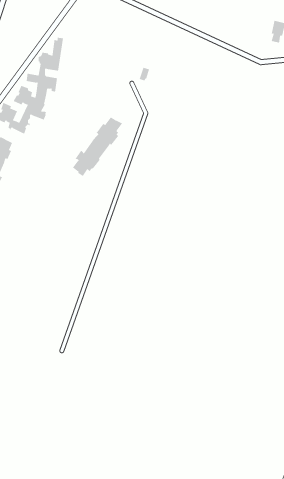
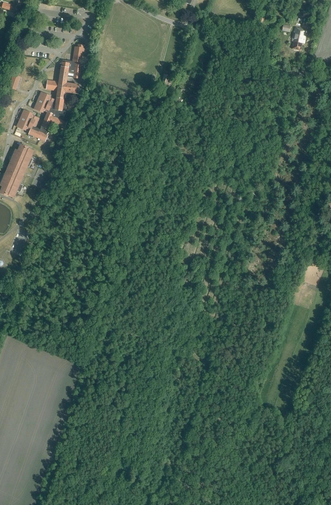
building: [72,117,123,177] -> none

